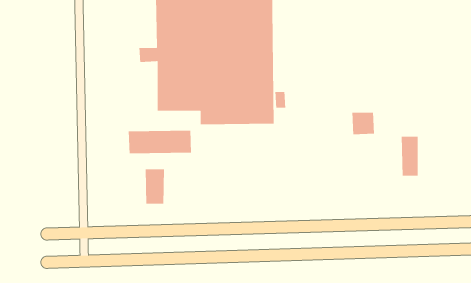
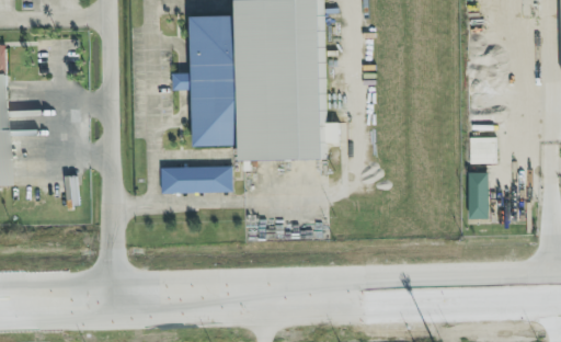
building: [352,112,375,135] -> [468,137,494,163]
building: [145,169,165,205] -> none

